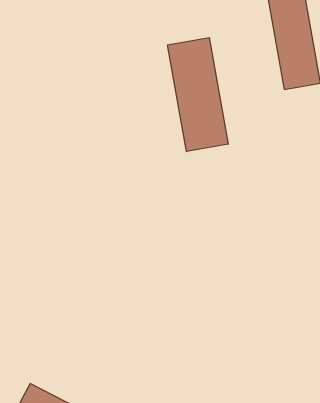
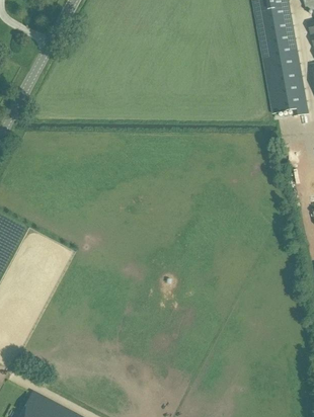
building: [168,38,228,152] -> none

